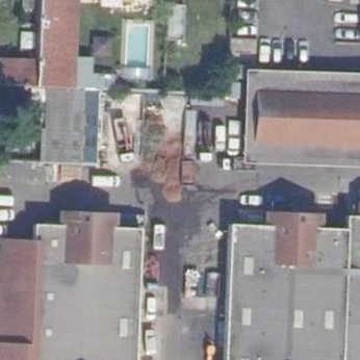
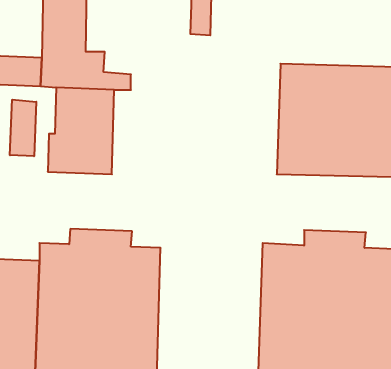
building: none -> [10,100,36,156]

